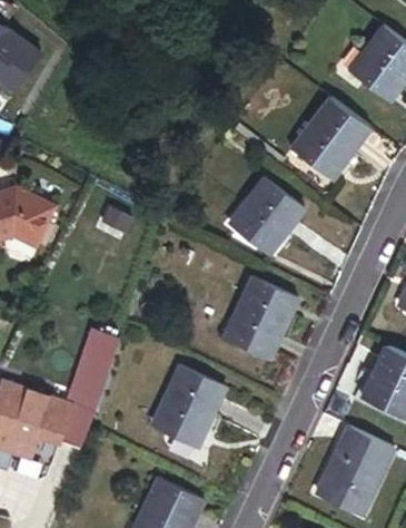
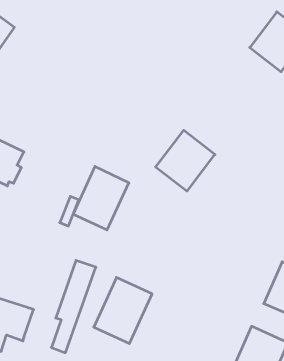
building: [289,97,369,179] -> none
building: [226,278,297,360] -> [73,166,129,230]
building: [59,331,116,449] -> [51,260,96,353]

